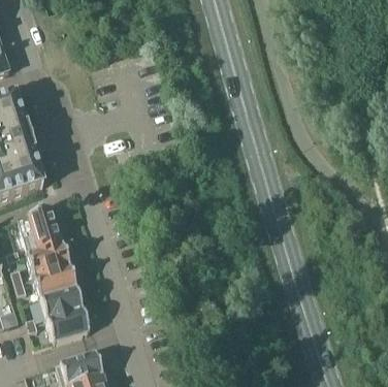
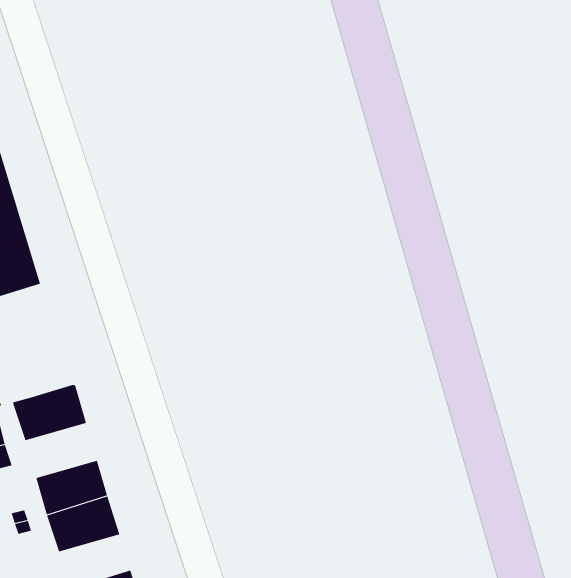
building: [27,205,64,253] -> none
building: [34,264,76,296] -> none

